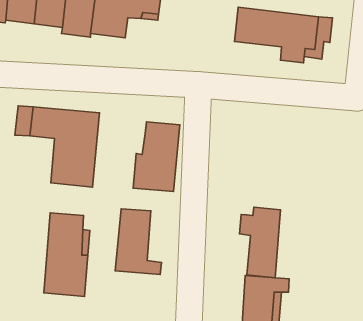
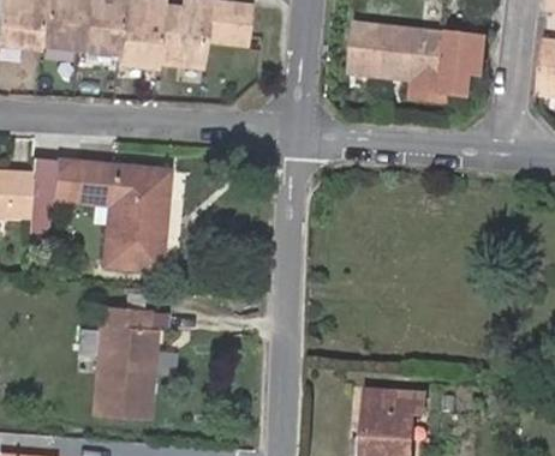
building: [133,122,180,192] -> none
building: [240,207,280,278] -> none
building: [115,209,161,274] -> none

